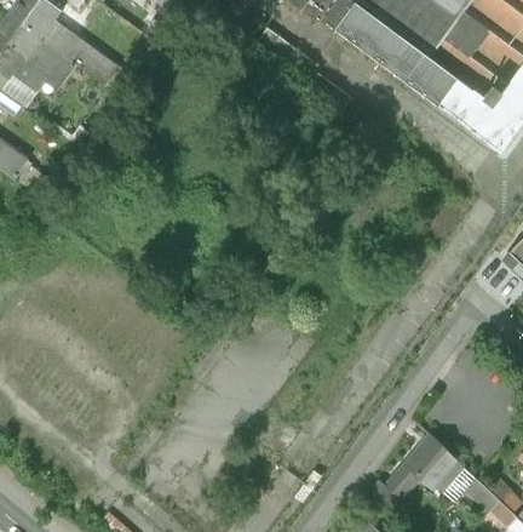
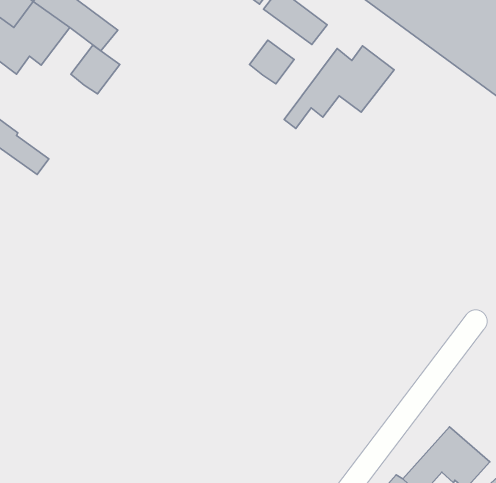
building: none -> [249,40,294,84]
building: none -> [71,45,120,94]
building: none -> [284,46,394,129]

